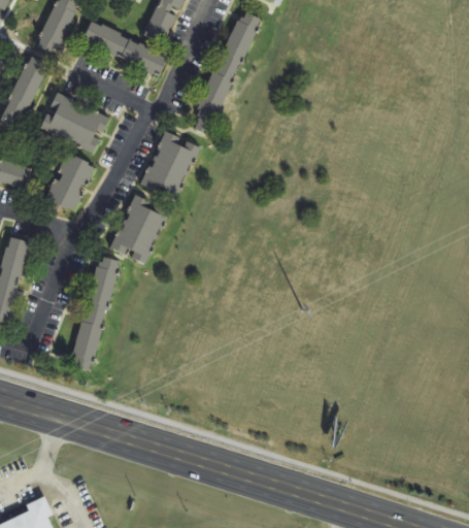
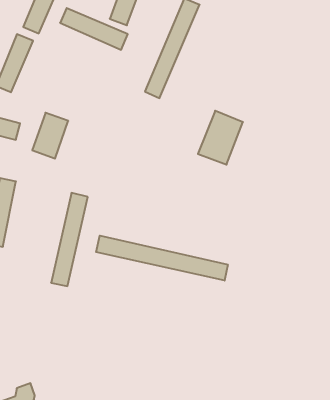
building: [40,93,109,153] -> none
building: [141,131,198,199] -> [198,111,243,165]
building: [111,196,167,263] -> none
building: none -> [96,236,228,281]

